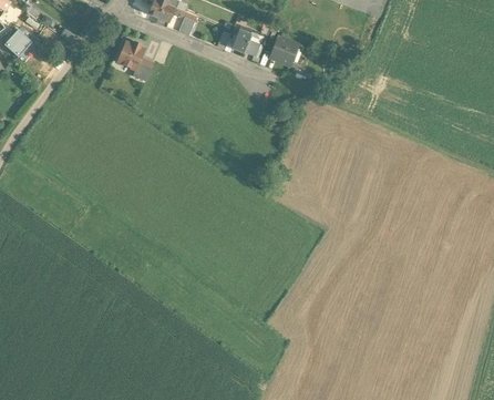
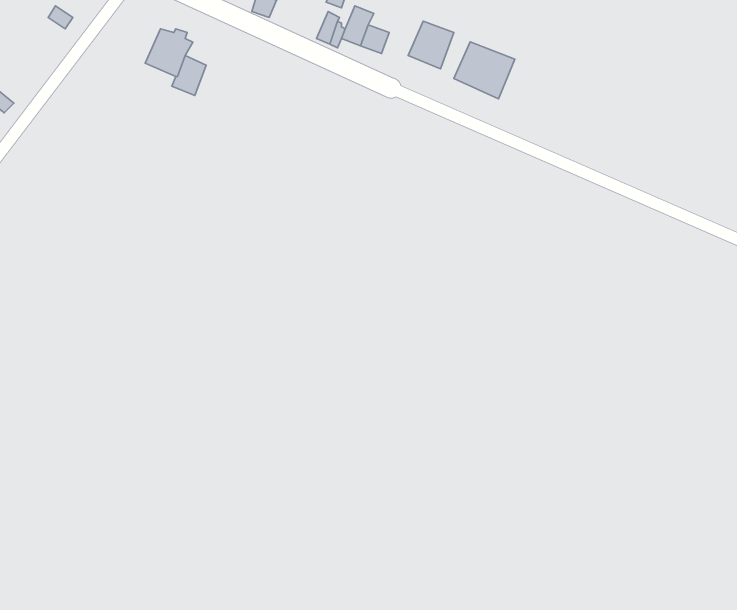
building: none -> [454,42,515,99]

